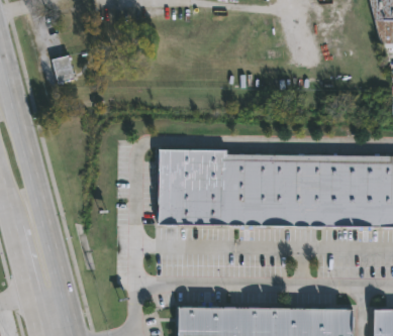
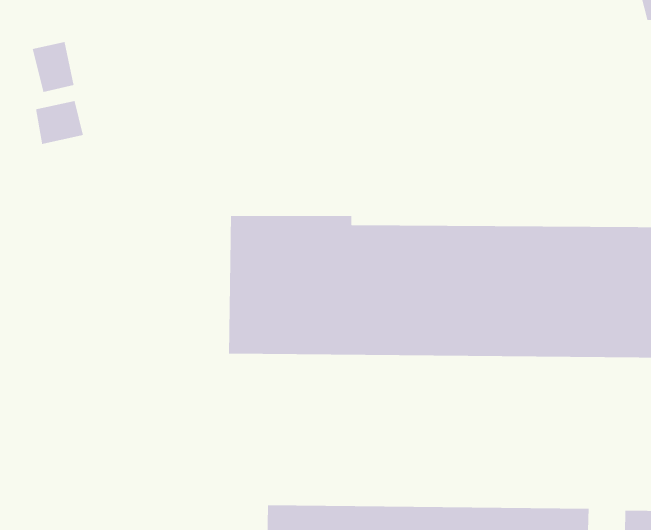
building: none -> [35,100,84,145]

